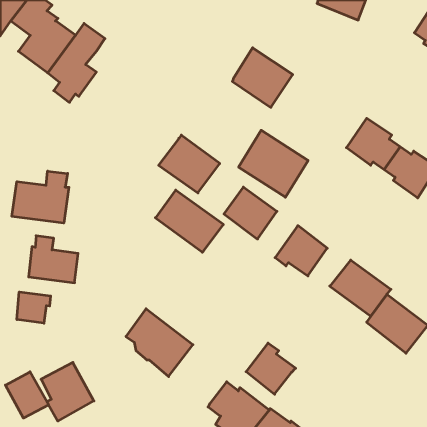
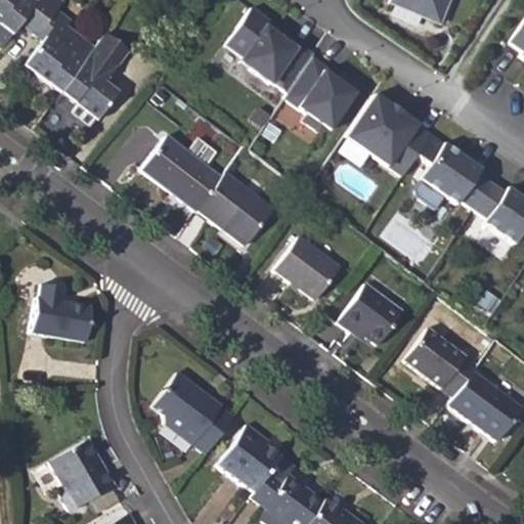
building: none -> [224,8,314,98]
building: [239,130,308,197] -> [344,97,429,179]
building: [12,171,69,223] -> none
building: [155,190,223,252] -> [137,129,220,205]
building: [17,292,51,323] -> none
building: [246,343,296,394] -> [223,432,283,494]
building: [5,372,49,418] -> none

